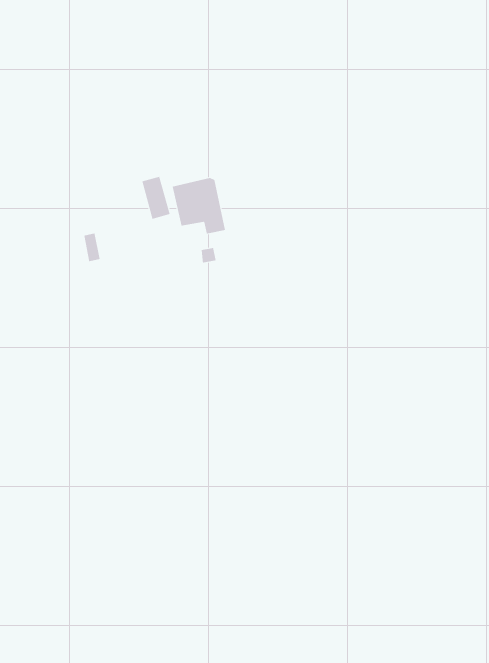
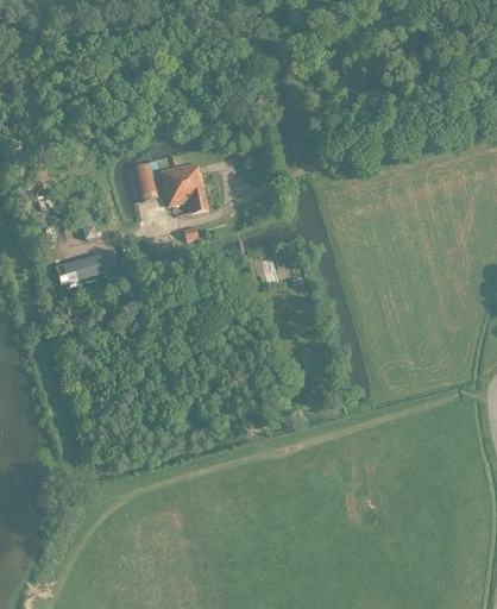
building: none -> [55,250,117,285]

